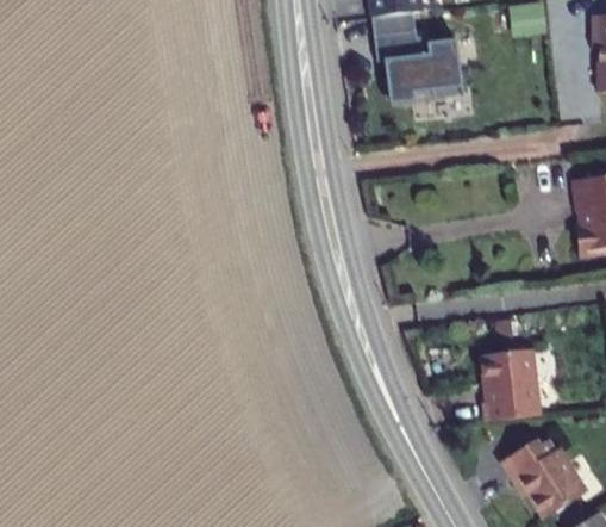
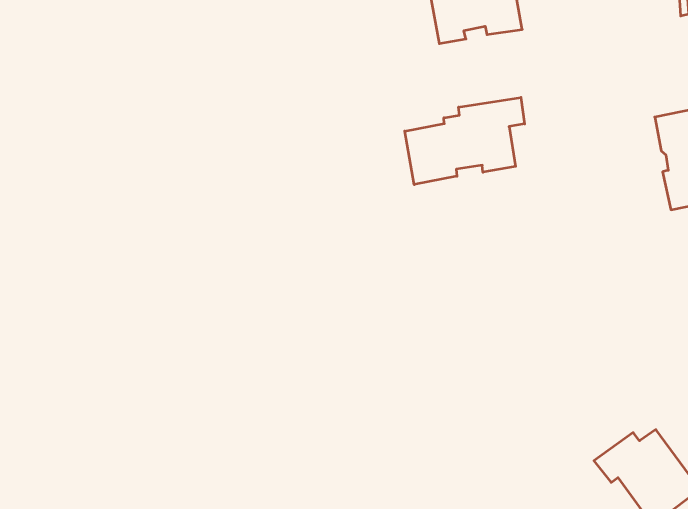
building: none -> [405,97,525,185]
building: [480,349,542,422] -> none

